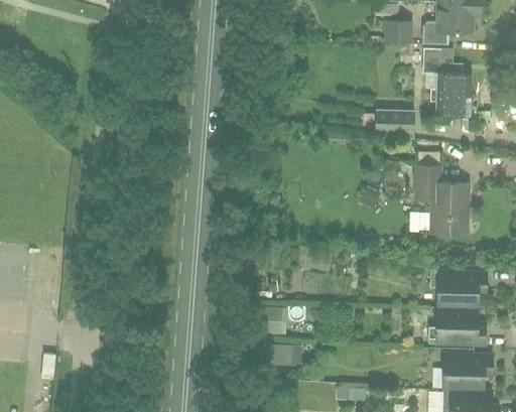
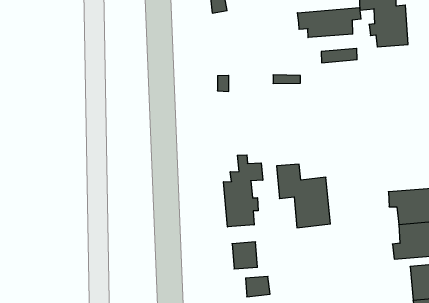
building: none -> [297,7,361,38]
building: [415,164,468,233] -> [277,164,330,228]
building: none -> [224,155,263,227]

